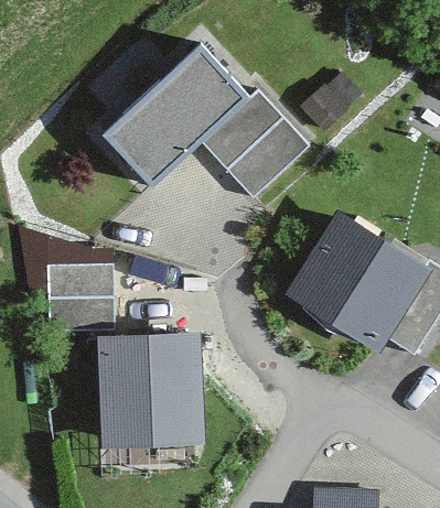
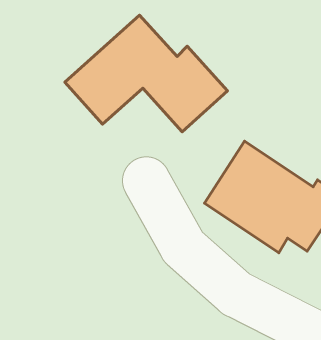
building: [45,266,114,333] -> none
building: [96,333,205,445] -> none

